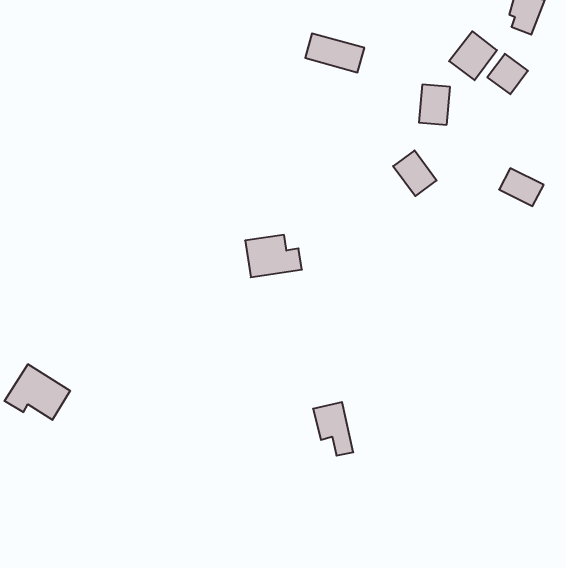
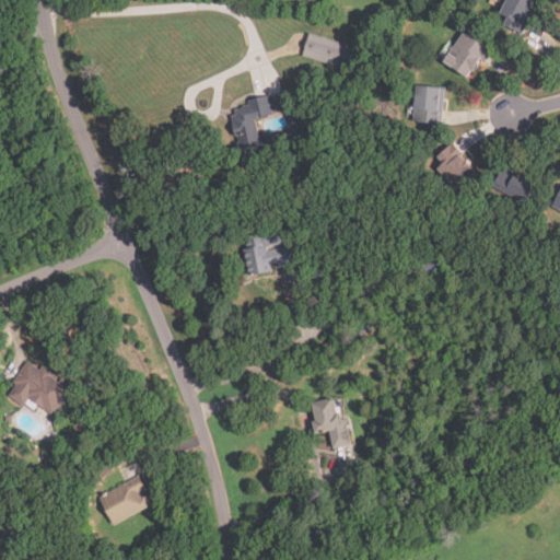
building: [487,54,528,94] -> none
building: none -> [231,97,272,154]
building: [393,150,437,196] -> [431,142,474,187]
building: none -> [97,478,149,522]

